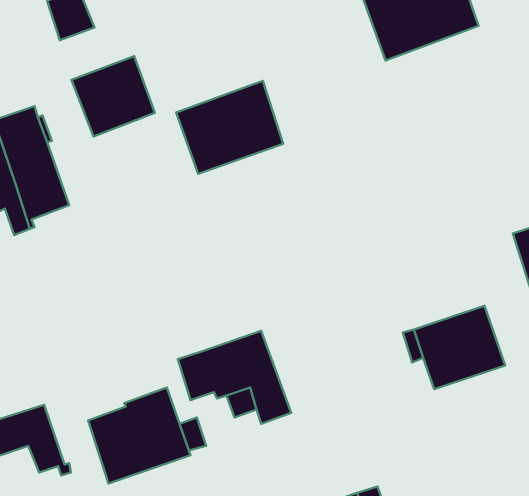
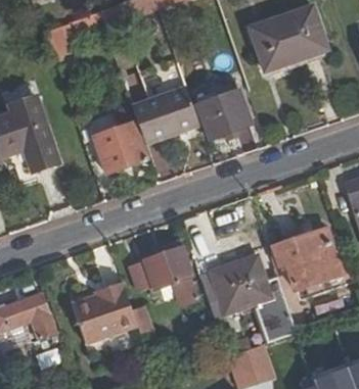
building: [71,56,155,136] -> [91,121,145,174]
building: none -> [197,91,249,139]
building: none -> [200,257,298,343]

